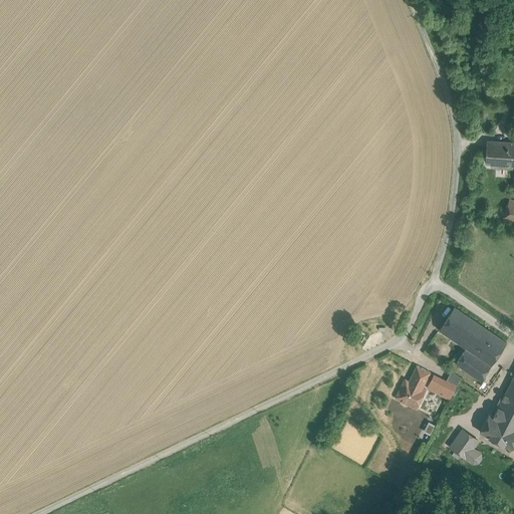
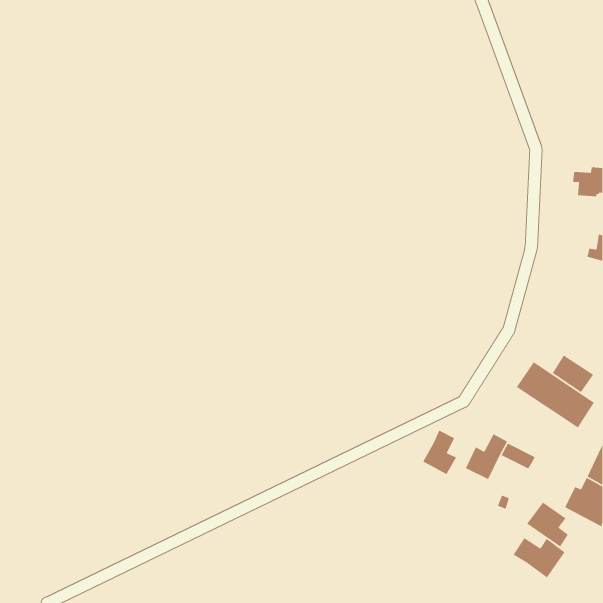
building: [456,347,492,380] -> [552,354,594,393]
building: none -> [422,430,457,475]
building: none -> [512,537,566,579]

